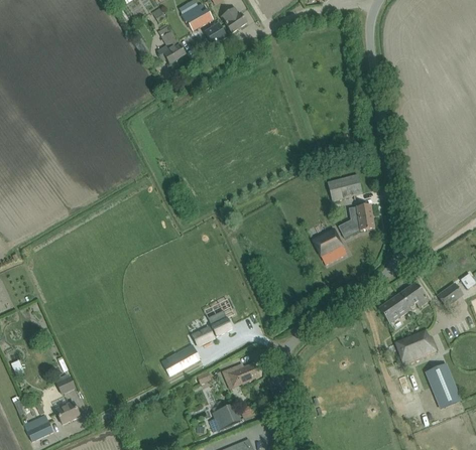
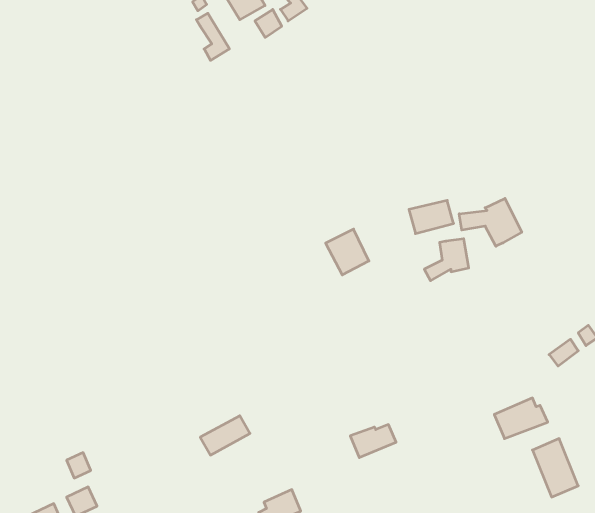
building: none -> [459,198,522,246]
building: [312,228,346,264] -> [326,229,369,275]
building: [378,281,429,322] -> none
building: [193,310,232,343] -> none
building: [223,361,259,388] -> [350,425,396,458]

